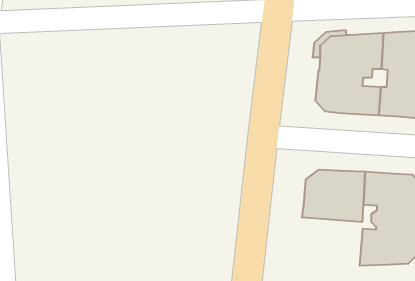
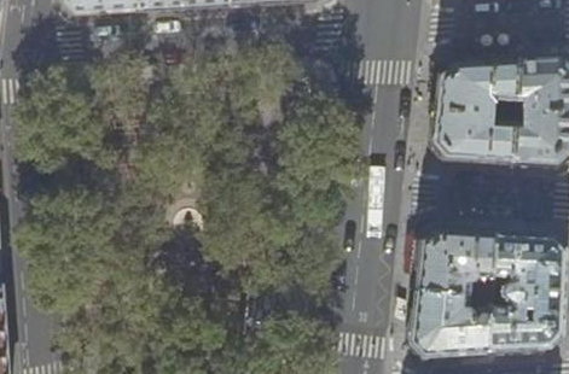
building: none -> [411,290,490,355]

